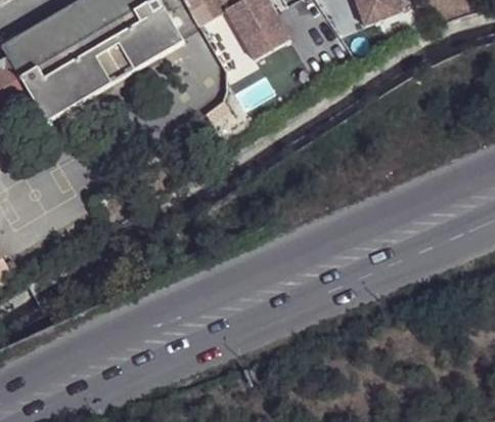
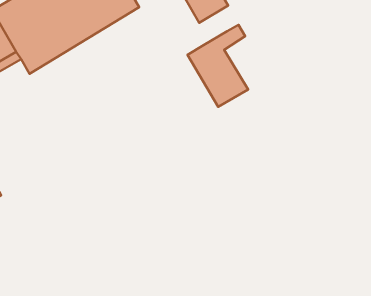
building: none -> [188,25,248,107]

